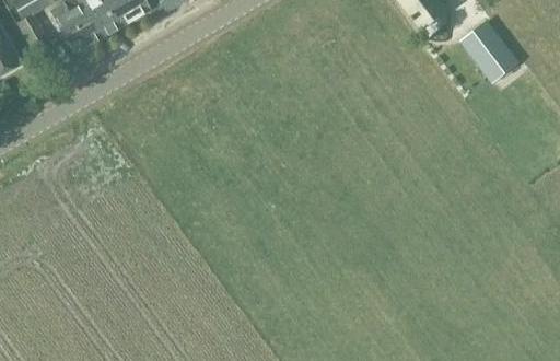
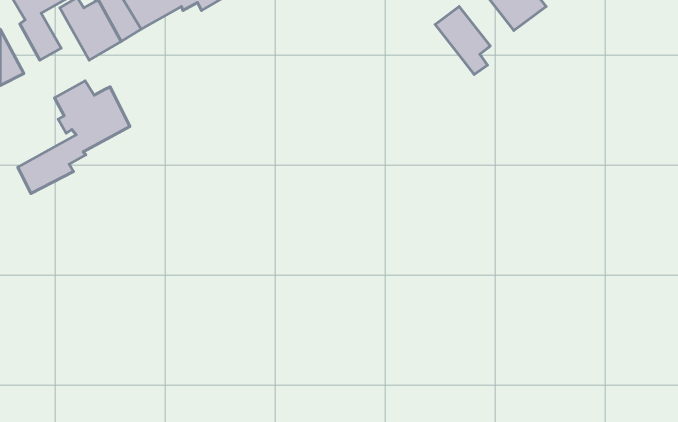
building: none -> [435,6,490,74]
building: [458,18,521,83] -> none
building: none -> [18,81,130,194]

